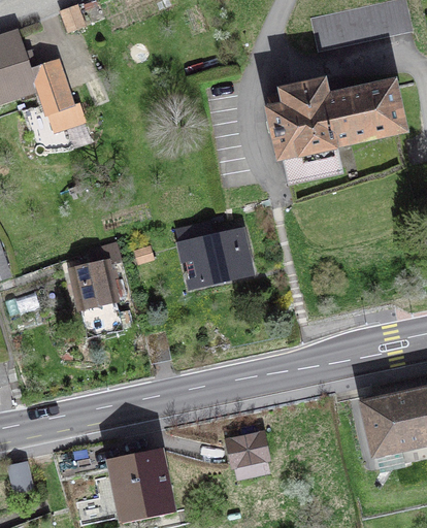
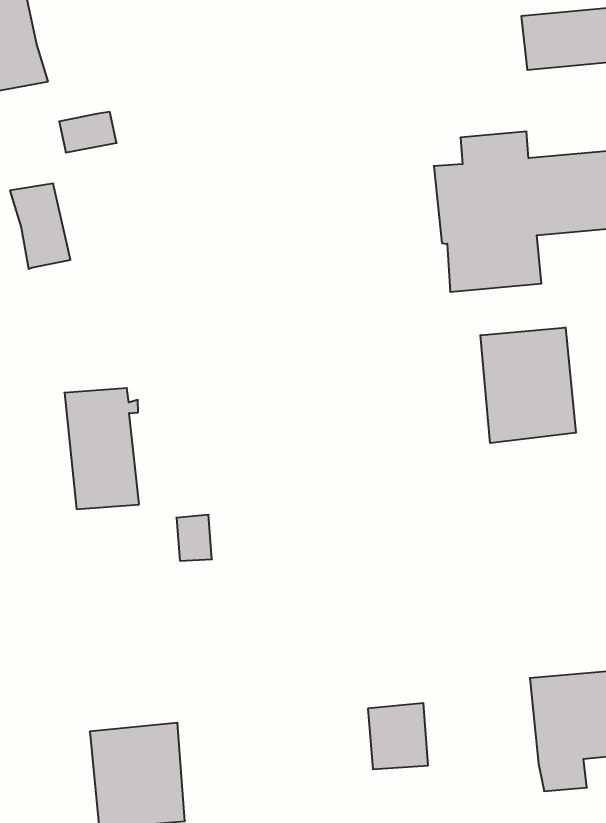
building: [30,60,70,111] -> [10,184,70,269]
building: none -> [480,327,576,443]
building: [182,225,244,278] -> none
building: [229,432,268,474] -> [368,703,428,769]

